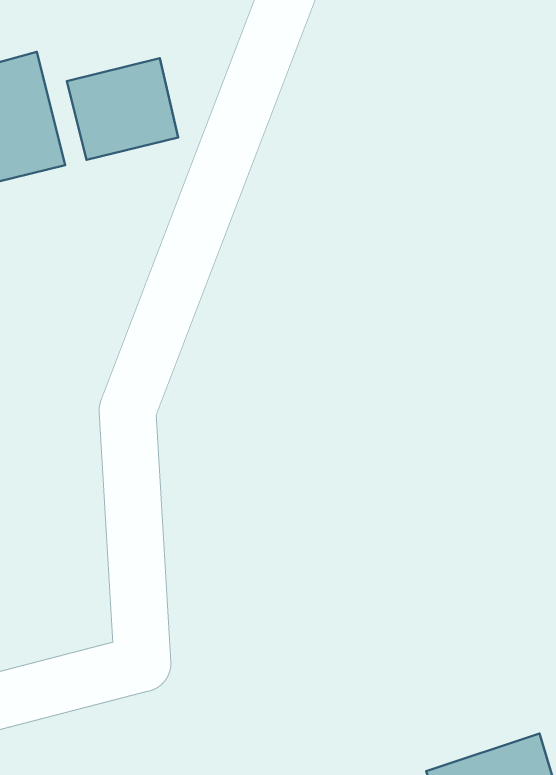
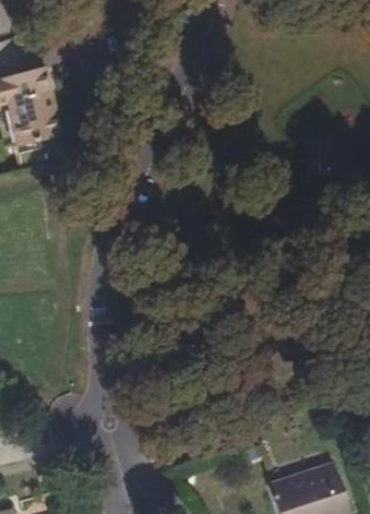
building: [67,58,178,160] -> none

